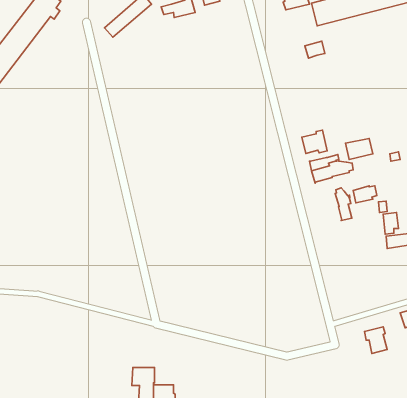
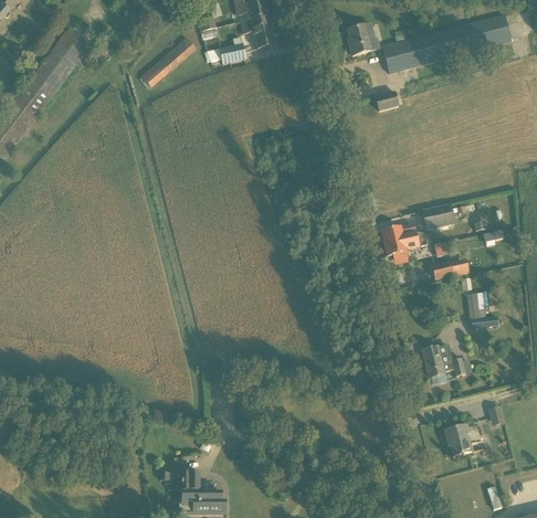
building: [302,130,327,154] -> none
building: [335,188,352,220] -> none
building: none -> [422,345,465,377]

